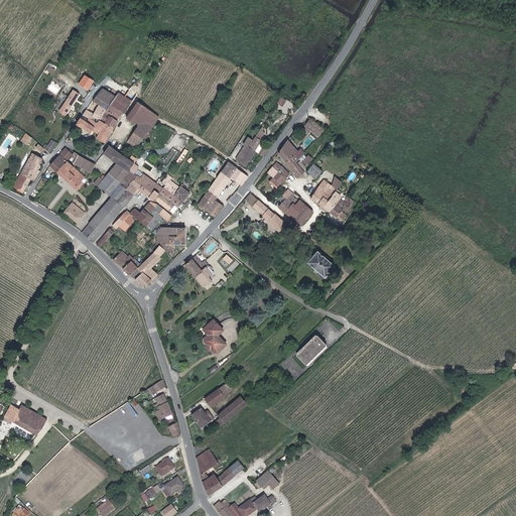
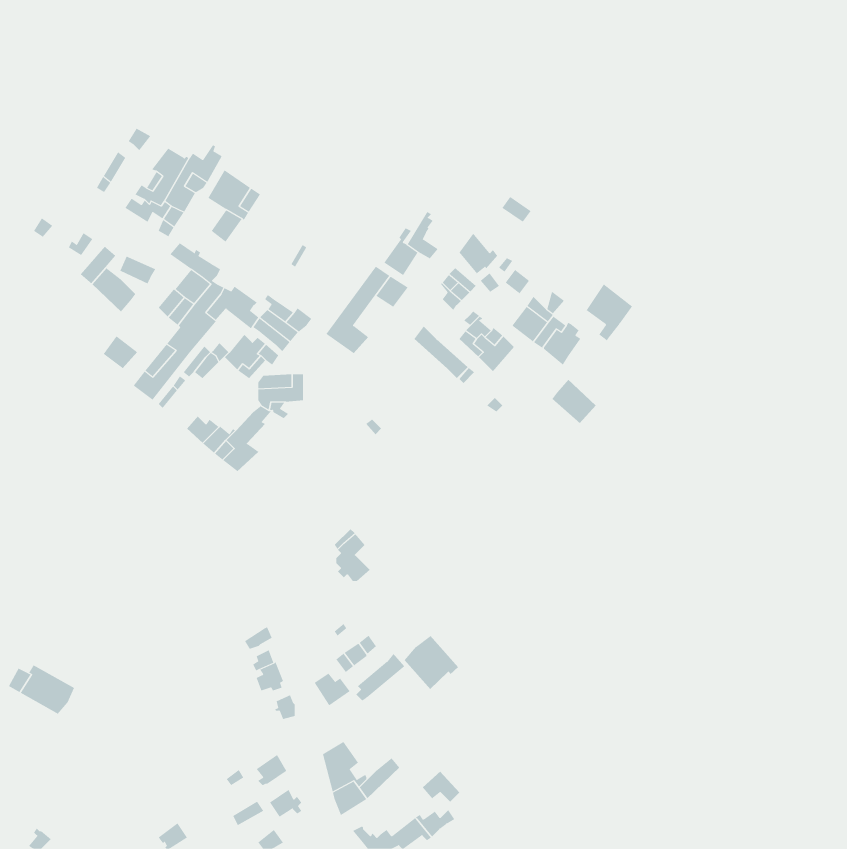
building: [12,155,42,195] -> none
building: none -> [586,283,633,341]
building: [306,250,334,277] -> [552,379,596,424]
building: [184,252,210,287] -> none
building: [296,336,327,365] -> none
building: none -> [404,635,459,690]

